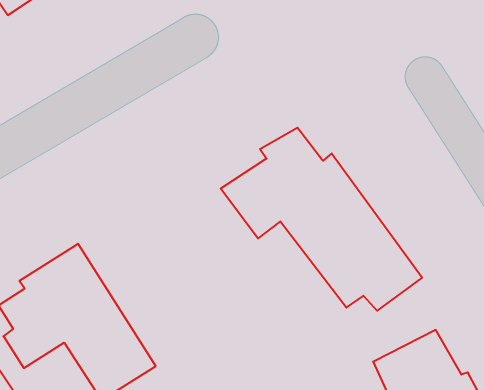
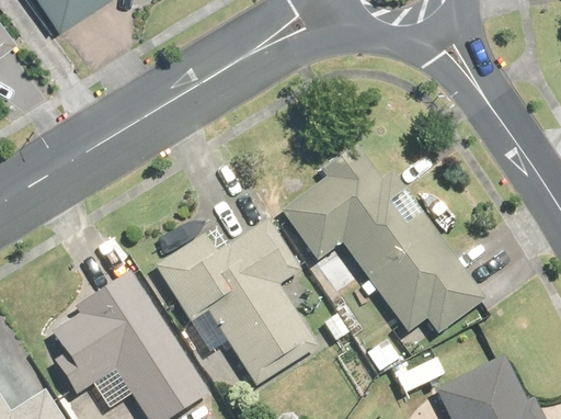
building: none -> [156,217,321,390]

